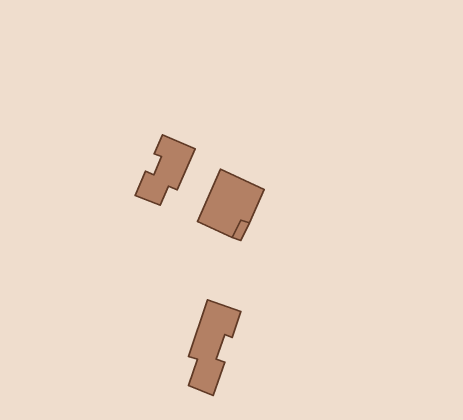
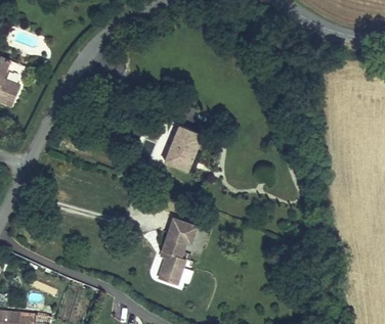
building: [135,135,195,205] -> none

